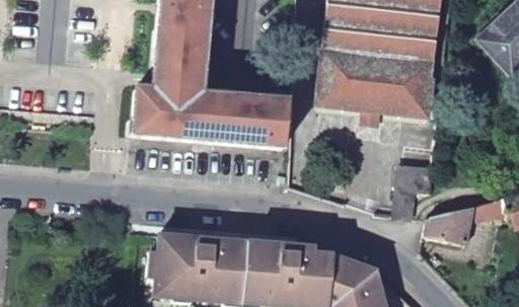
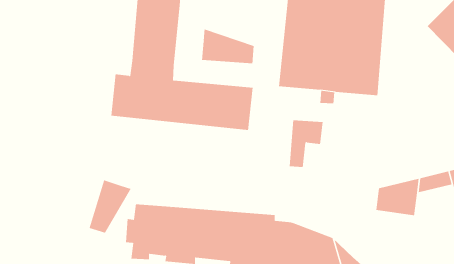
building: none -> [202,29,254,64]
building: [395,164,434,217] -> [289,120,324,168]
building: none -> [89,180,132,234]

